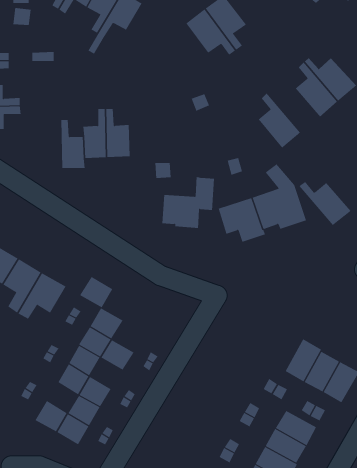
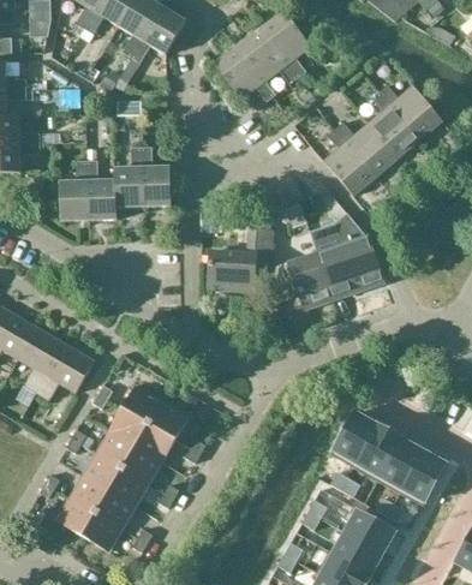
building: none -> [213,44,274,101]
building: none -> [59,160,88,220]
building: [299,181,352,226] -> [334,121,398,175]
building: [79,276,113,308] -> [148,401,189,440]
building: none -> [331,412,377,462]
building: none -> [121,446,161,484]
building: none -> [70,476,108,513]

